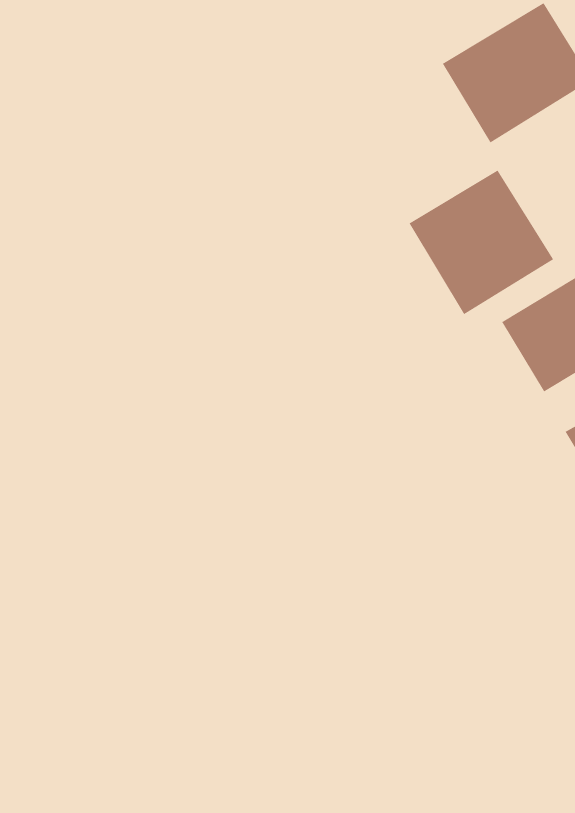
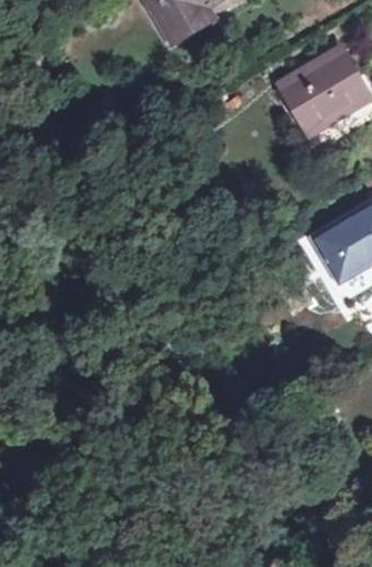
building: [408,169,554,315] -> none

